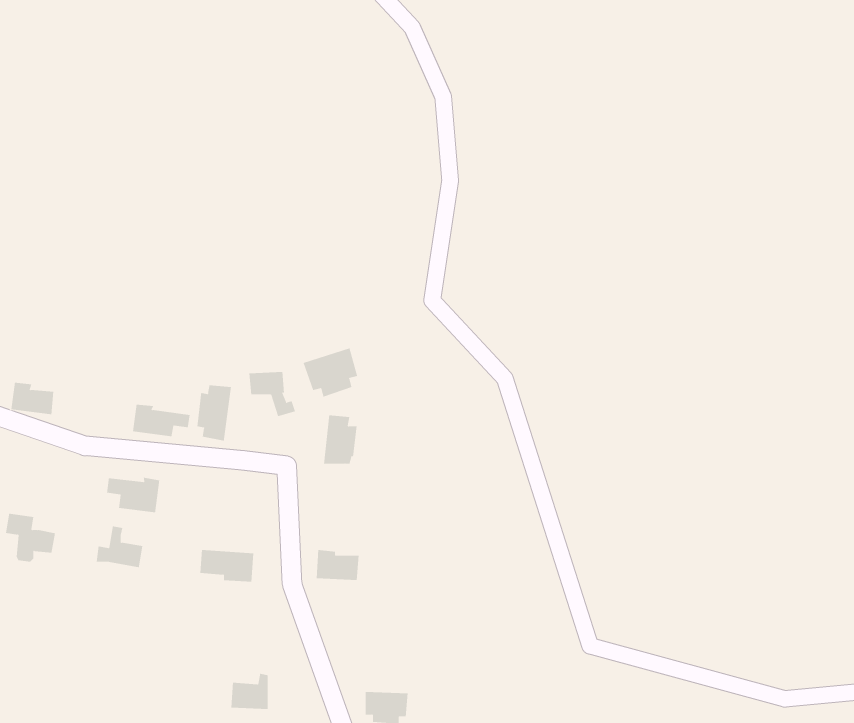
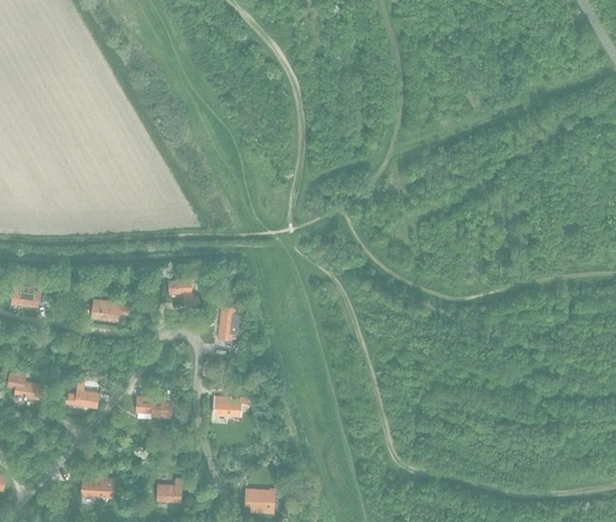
building: [303,348,358,398] -> none
building: [197,384,232,441] -> none
building: [107,477,160,513] -> none
building: none -> [82,479,114,498]

